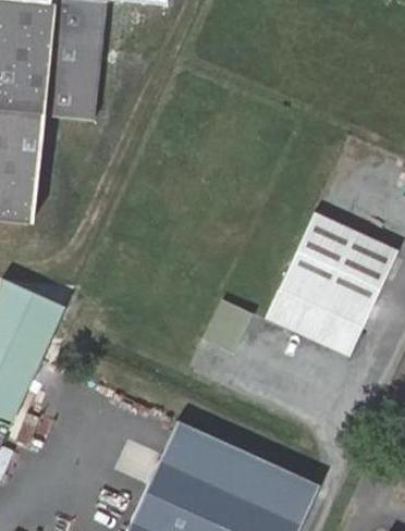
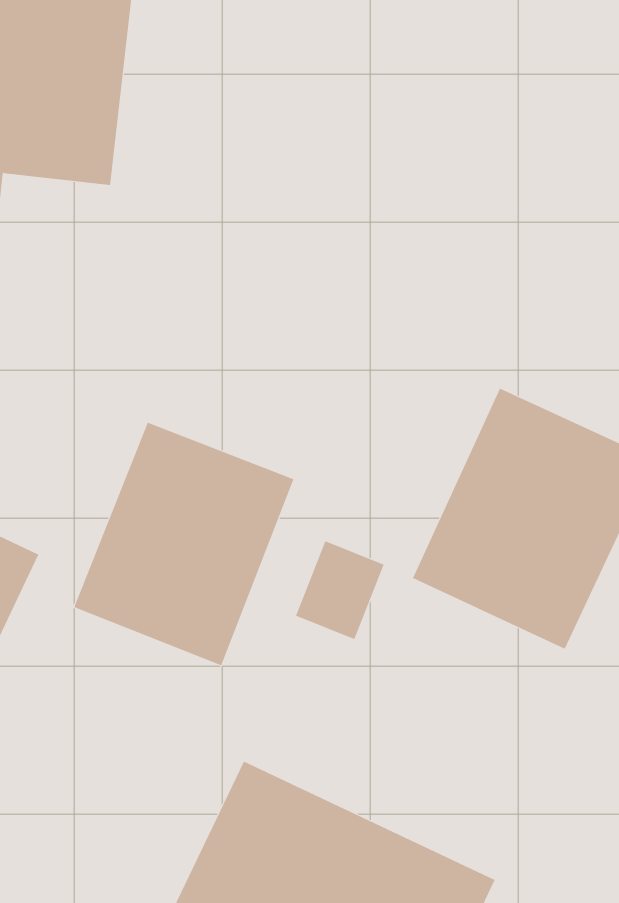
building: none -> [73,422,294,666]

